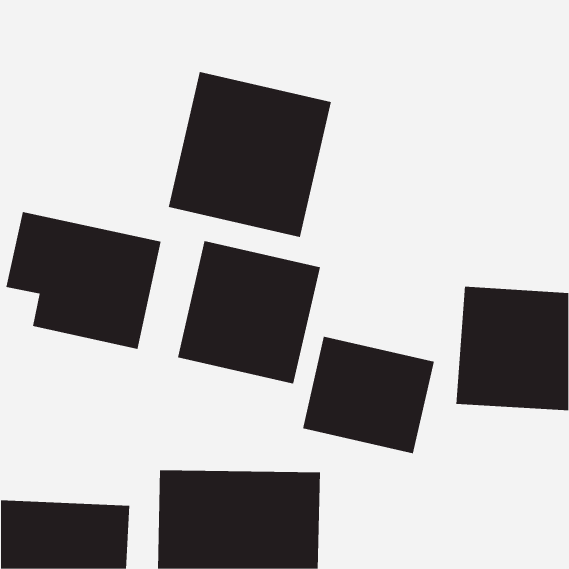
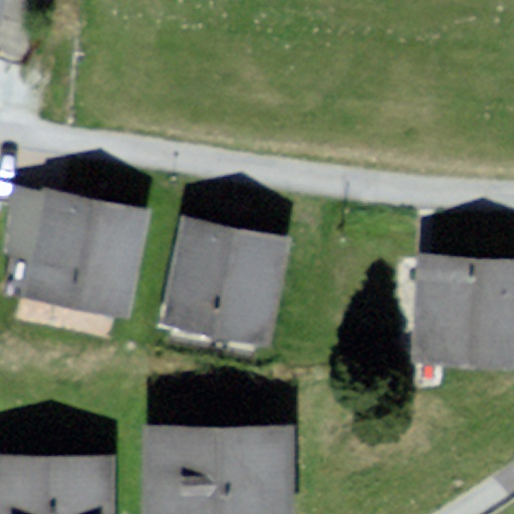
building: [168,71,331,238] -> none
building: [302,336,435,454] -> none

